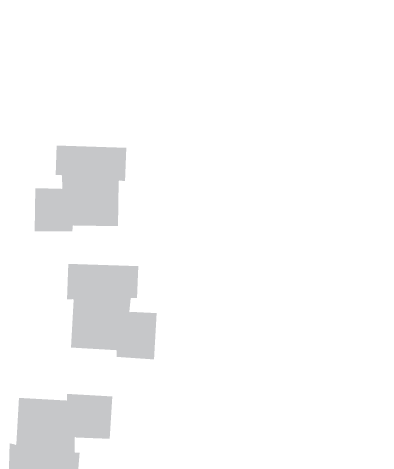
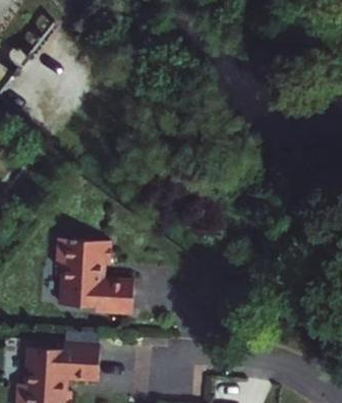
building: [34,145,127,232] -> none

